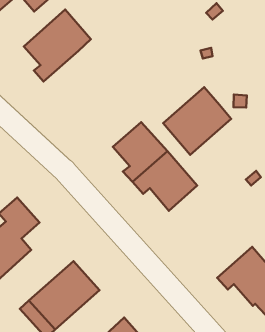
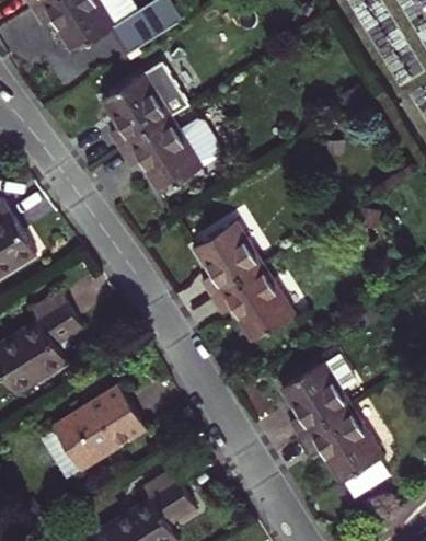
building: none -> [119,116,219,192]
building: [163,87,231,155] -> none
building: none -> [281,355,355,437]

